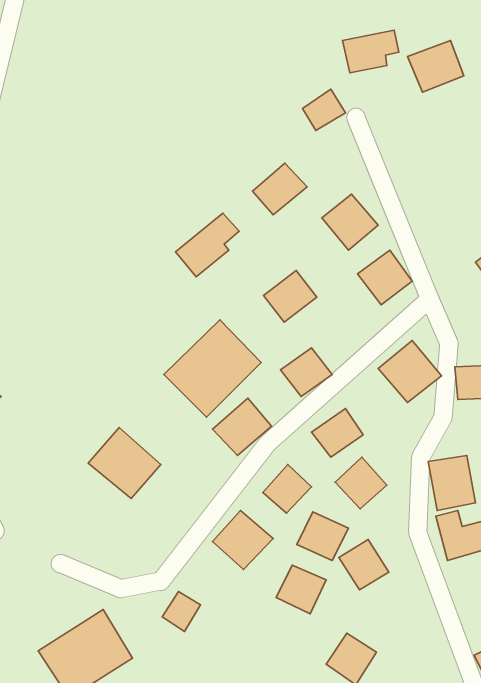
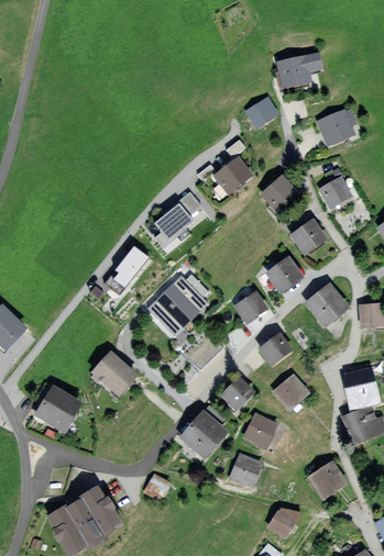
building: [408,40,464,92] -> [317,108,359,146]
building: none -> [321,173,360,210]
building: [263,270,317,322] -> [267,256,307,294]
building: none -> [103,245,149,294]
building: none -> [34,388,77,431]
building: [339,540,389,590] -> [308,457,345,494]

